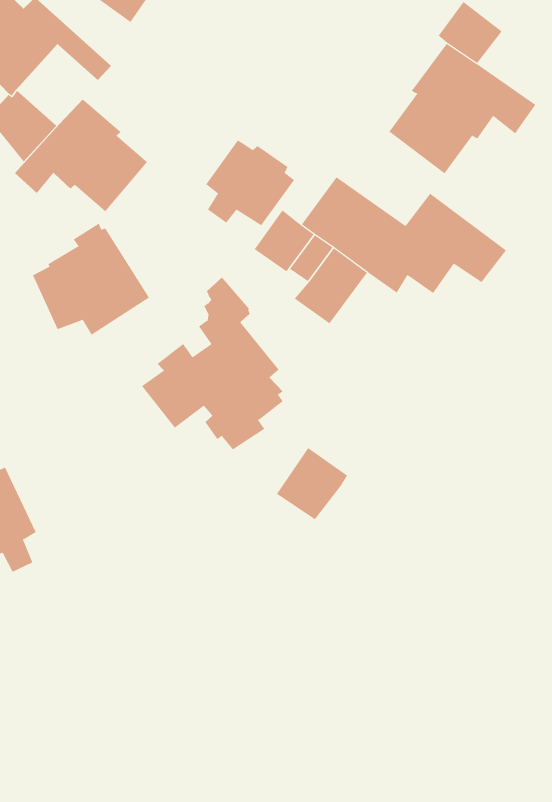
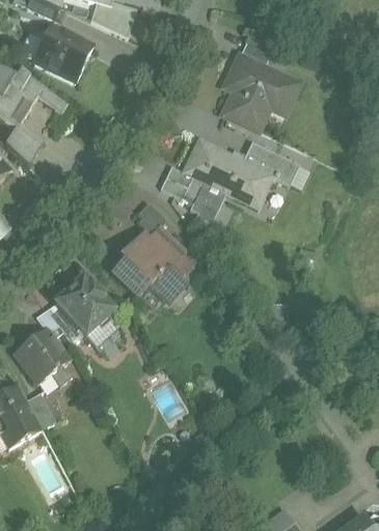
building: [14,98,148,212] -> none
building: [206,139,295,226] -> none
building: [32,223,150,336] -> [47,275,112,336]
building: [276,447,348,520] -> none

